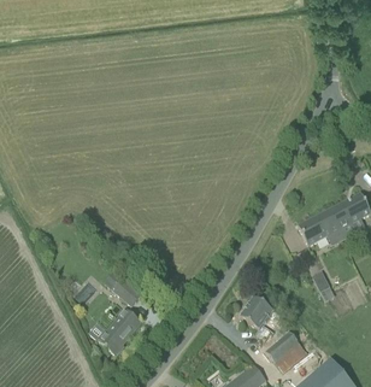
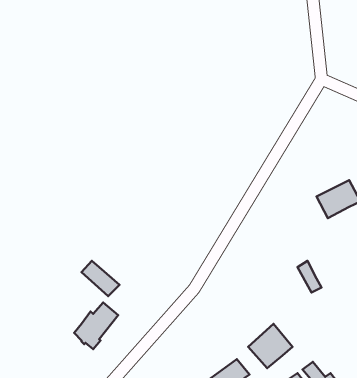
building: [298,209,341,246] -> none
building: [240,297,275,340] -> none

